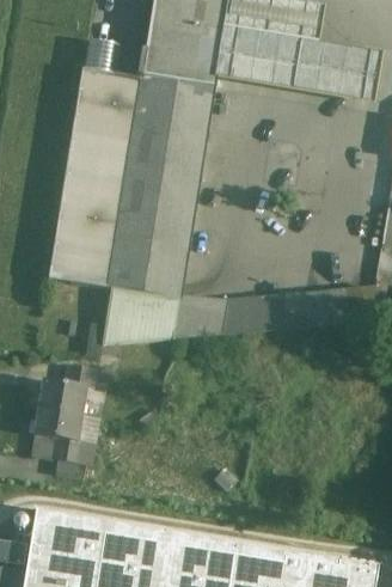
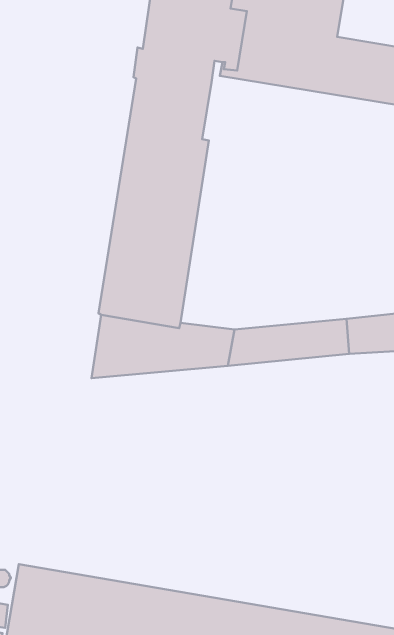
building: [48,43,140,289] -> none
building: [33,368,97,466] -> none

